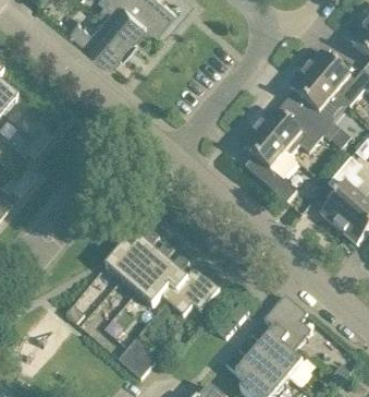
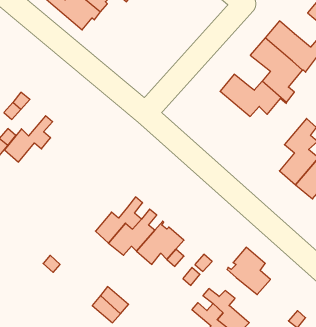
building: [241,128,295,202] -> none
building: [106,229,158,279] -> [4,116,53,162]
building: [250,326,300,378] -> none

